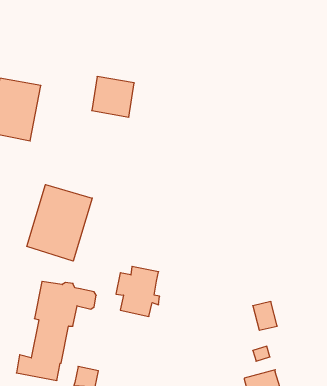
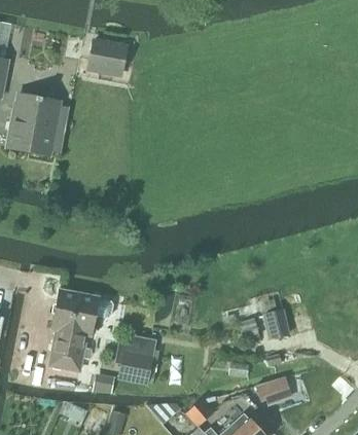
building: [92,77,134,117] -> [86,38,128,77]
building: [27,185,92,261] -> none
building: [116,266,160,316] -> [115,335,157,384]

